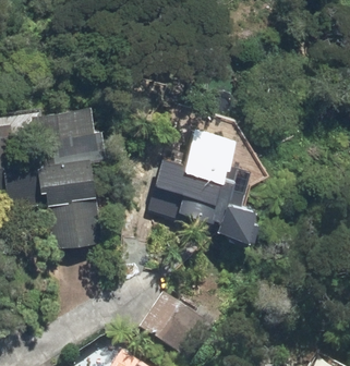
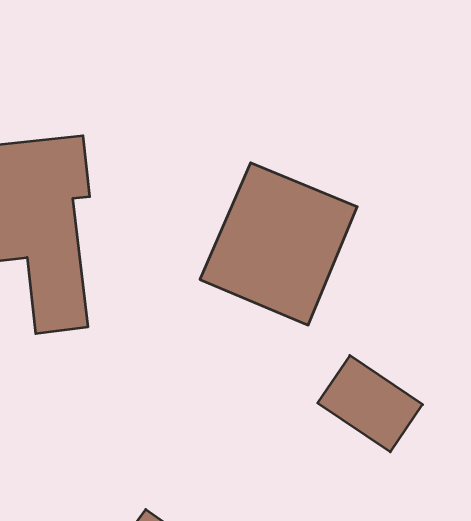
building: [147,294,215,356] -> [318,355,423,452]

